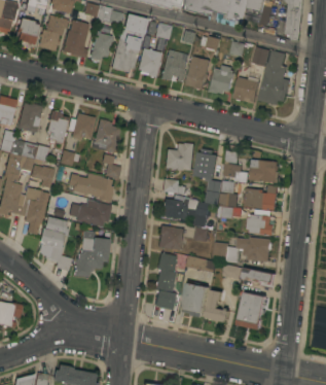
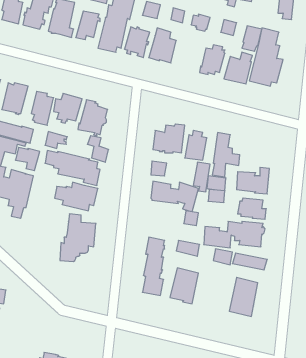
building: [187,57,210,90] -> none
building: [250,161,280,183] -> none
building: [39,217,71,272] -> none
building: [158,225,184,251] -> none
building: [207,290,230,322] -> none

